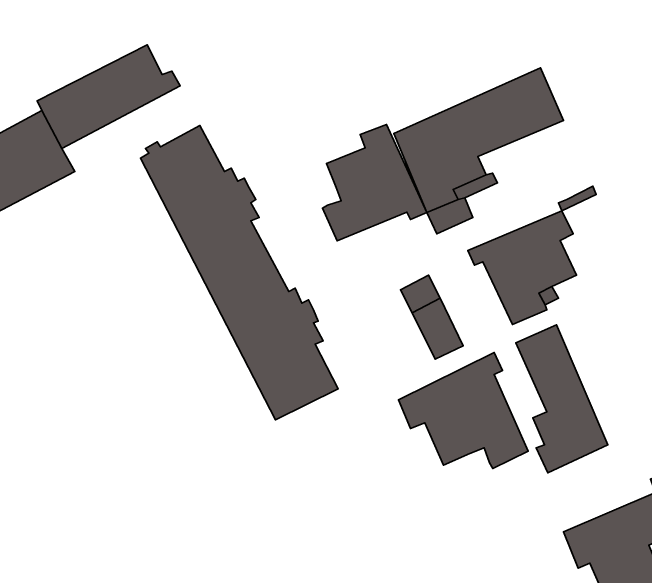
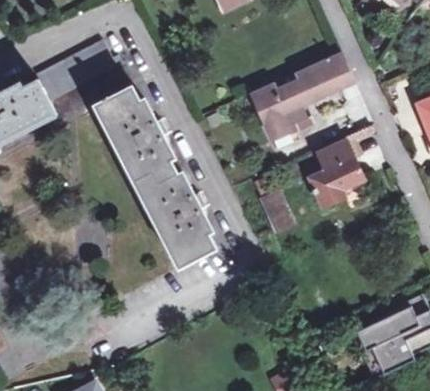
building: [322,124,427,241] -> none
building: [516,325,608,473] -> none
building: [398,353,528,468] -> none

